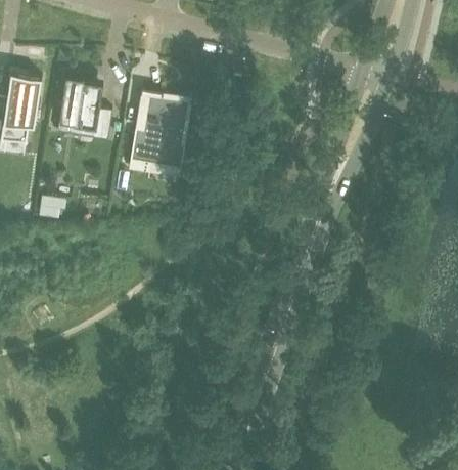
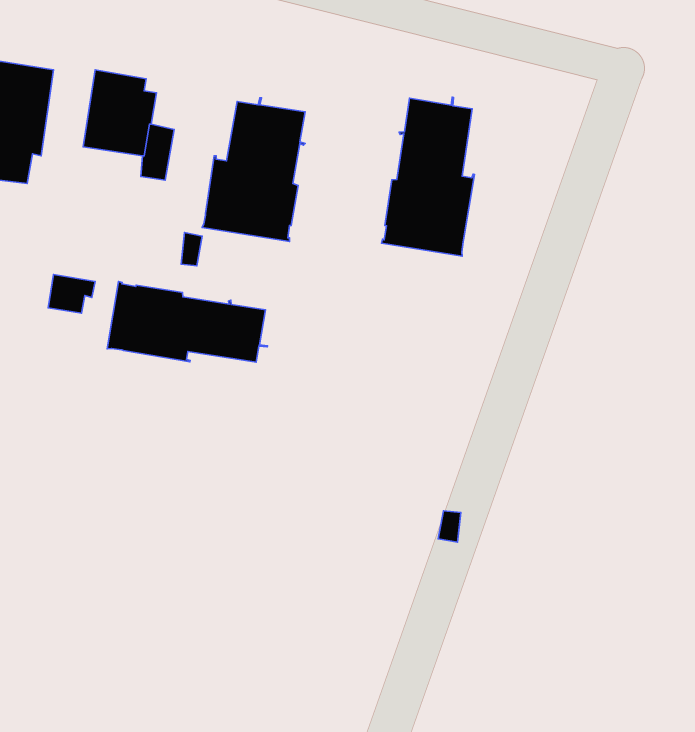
building: none -> [381,97,475,256]
building: none -> [107,282,268,362]

